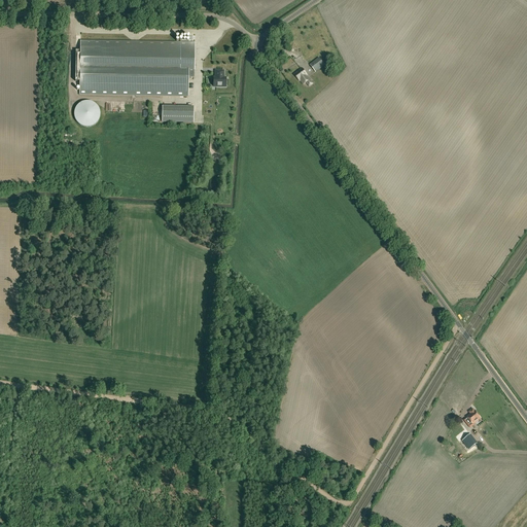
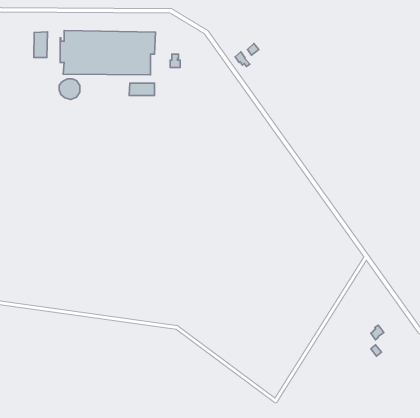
building: none -> [34,32,47,58]

